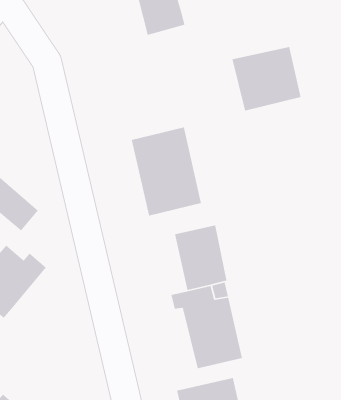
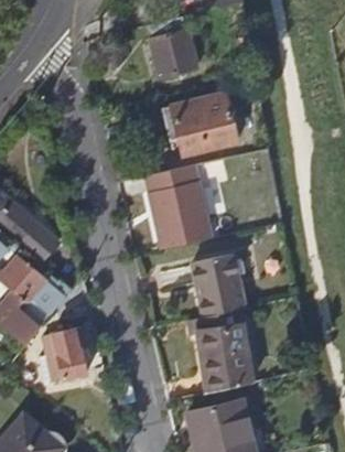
building: [232,46,301,111] -> [171,94,237,155]
building: none -> [41,329,86,381]

